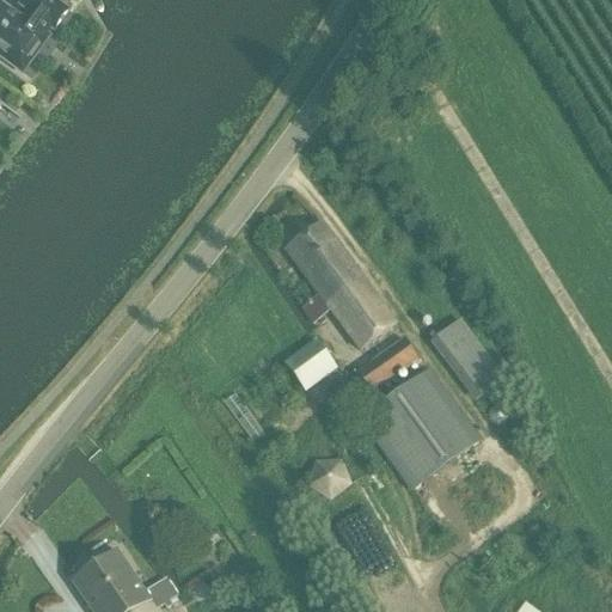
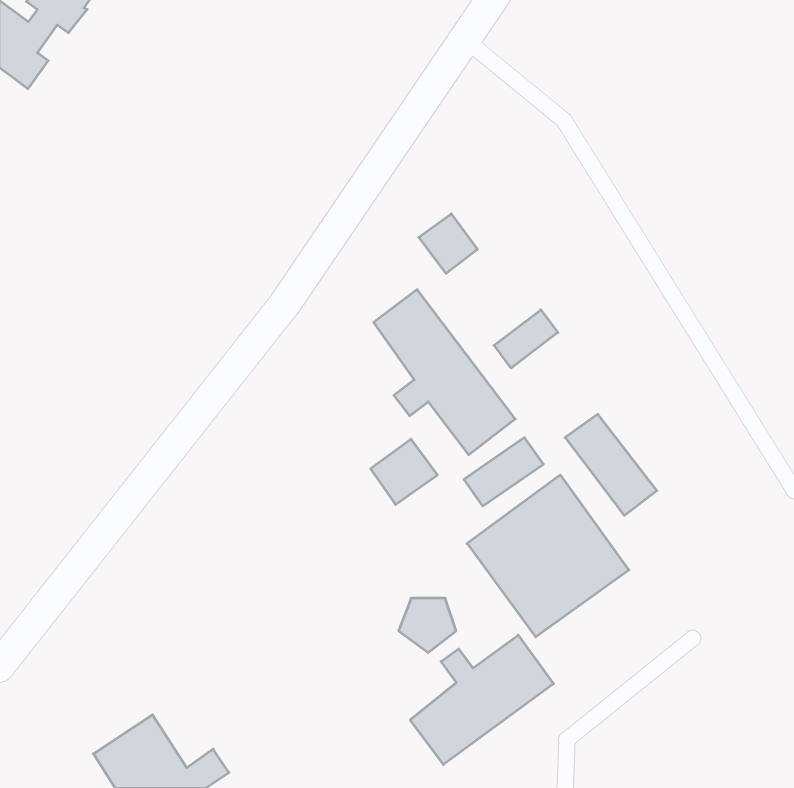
building: none -> [419,214,477,273]
building: none -> [494,310,558,368]
building: none -> [410,635,554,765]

